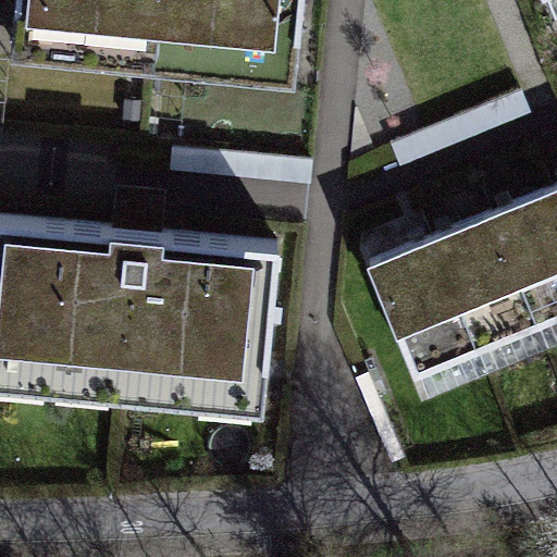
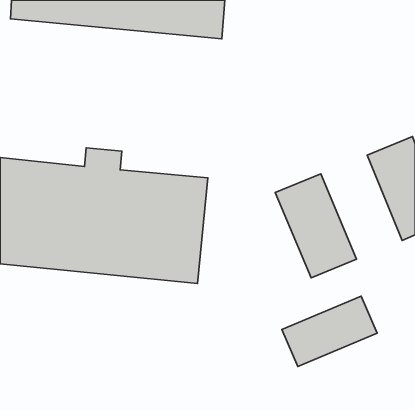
building: [430,213,539,352] -> none
building: none -> [282,296,377,367]

